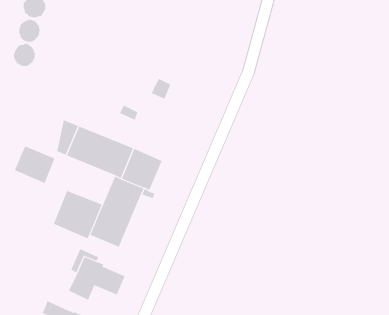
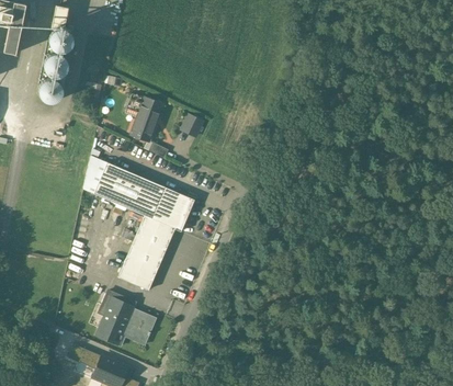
building: none -> [127,93,163,141]
building: [14,146,55,184] -> none
building: [53,190,102,239] -> none

